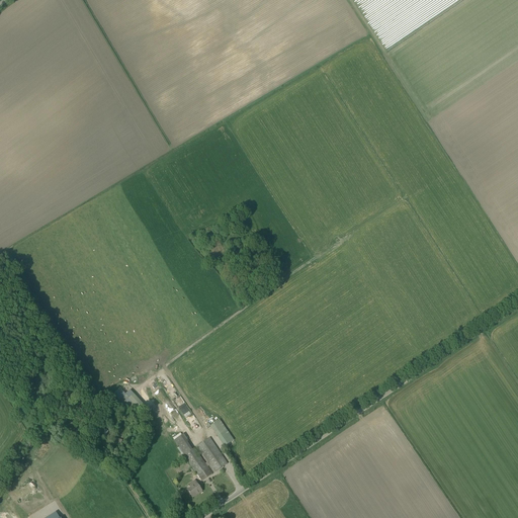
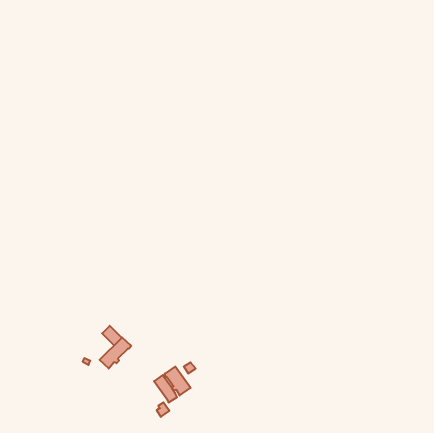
building: none -> [100,337,131,369]

